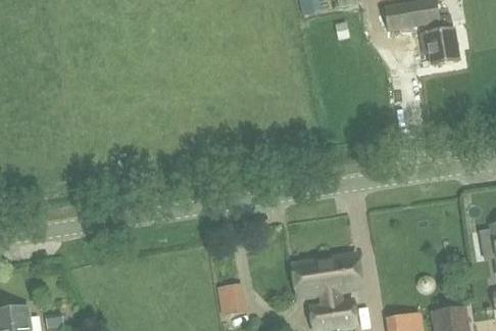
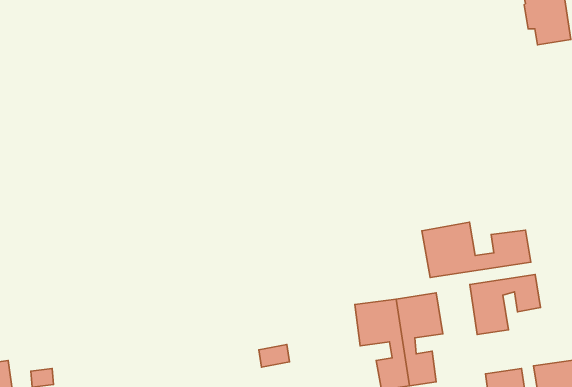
building: none -> [422,222,531,278]
building: none -> [470,274,541,334]

